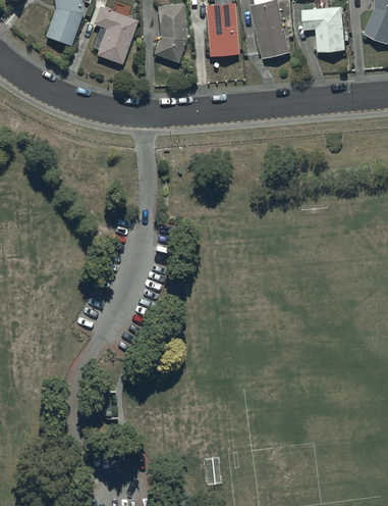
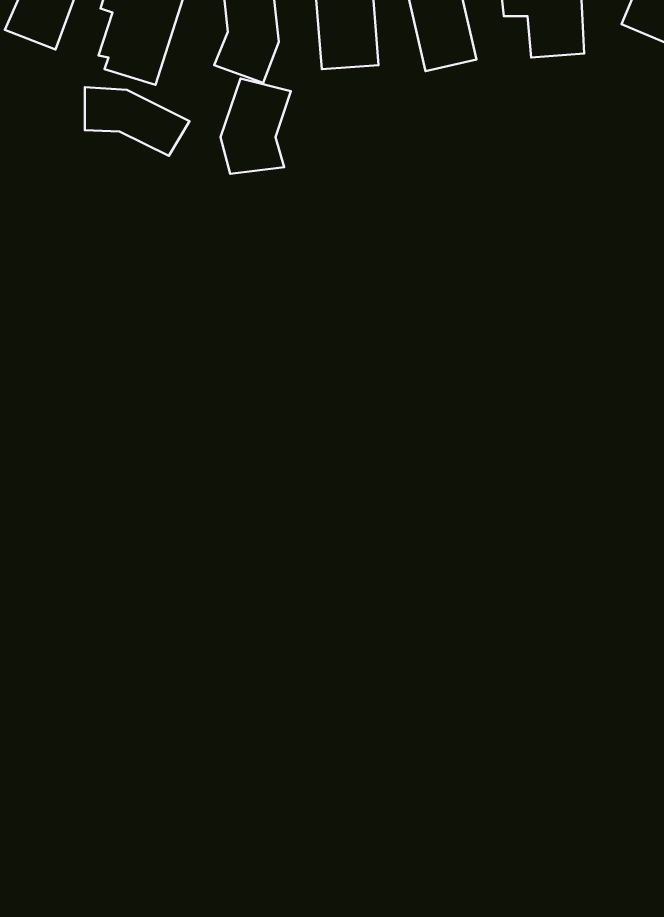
building: none -> [220,78,291,174]
building: none -> [85,87,190,156]

